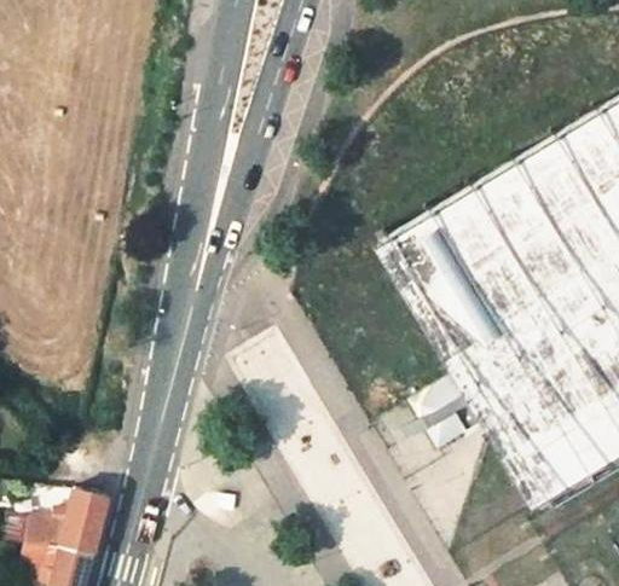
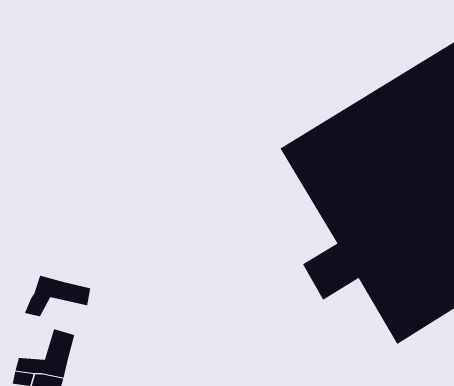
building: none -> [24,275,91,317]

